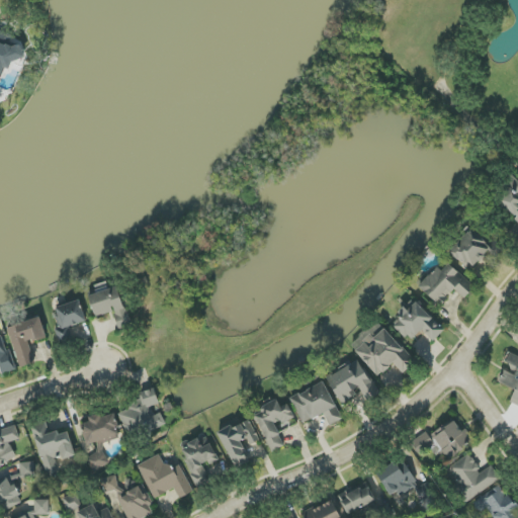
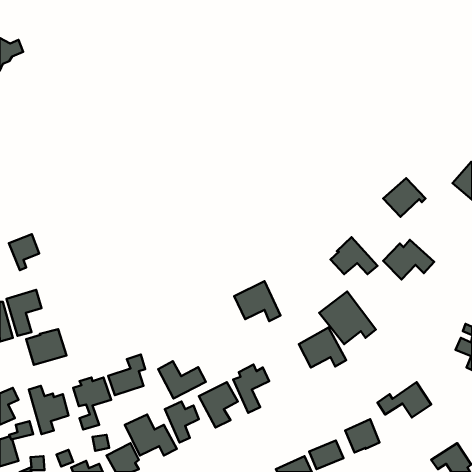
building: [449,228,496,270] -> [383,178,426,217]
building: [88,285,131,328] -> none
building: [53,298,86,338] -> [9,234,39,270]
building: [392,299,443,340] -> [330,237,378,274]
building: none -> [26,329,67,365]
building: [290,381,341,425] -> [234,281,280,321]
building: none -> [158,361,206,398]
building: [445,453,499,501] -> none

